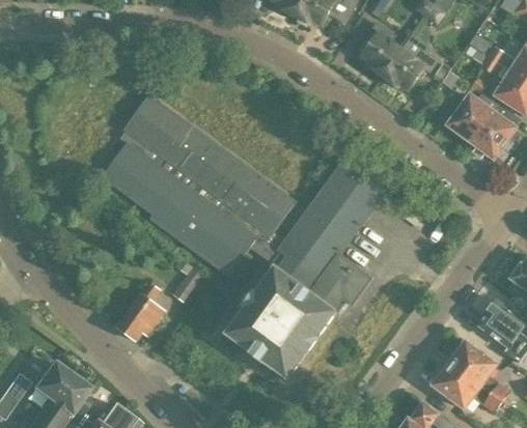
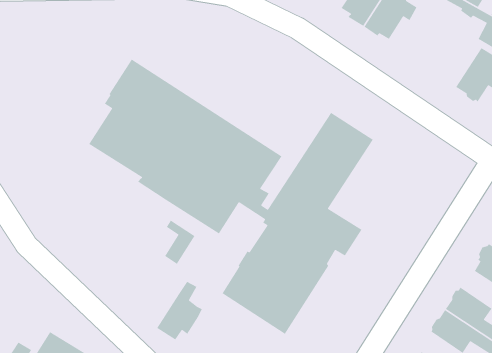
building: [448,93,499,141] -> none
building: [116,281,164,340] -> [156,281,203,341]

